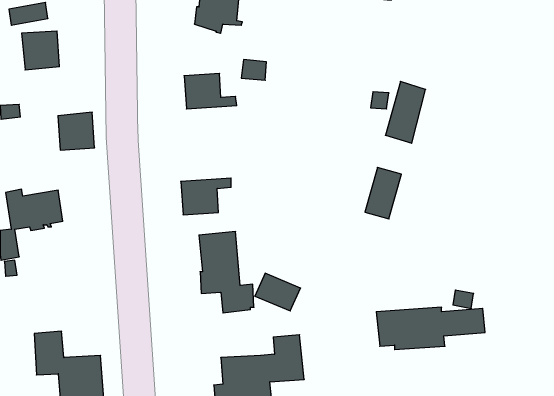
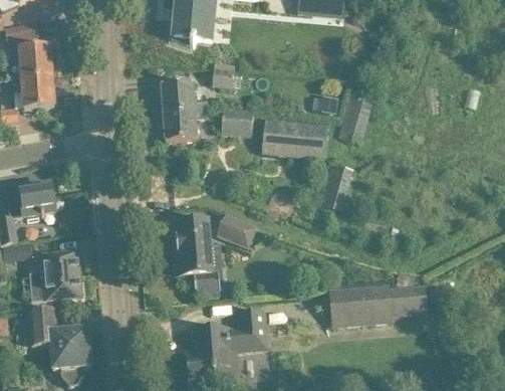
building: none -> [222,109,253,137]
building: [58,112,95,150] -> [22,75,54,109]
building: none -> [263,120,327,158]
building: [181,178,231,215] -> [164,110,208,142]
building: none -> [30,251,82,302]
building: [255,273,301,311] -> [217,215,257,248]

